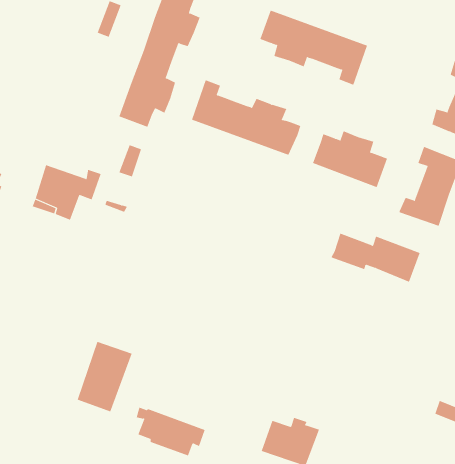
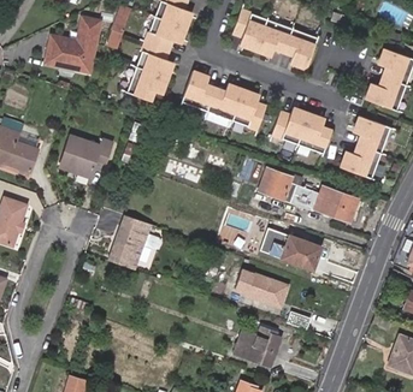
building: none -> [47,18,101,72]
building: none -> [261,168,297,200]
building: none -> [266,227,326,269]
building: [77,341,133,412] -> [107,213,151,268]
building: [136,407,206,456] -> [235,268,289,307]

